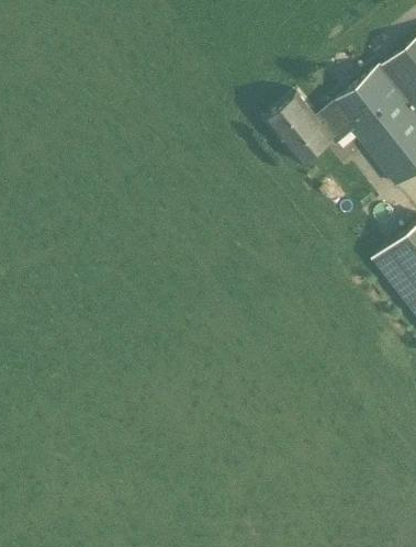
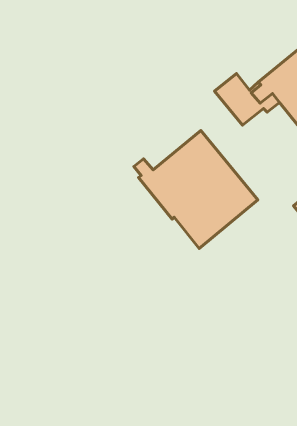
building: none -> [134,131,258,248]

